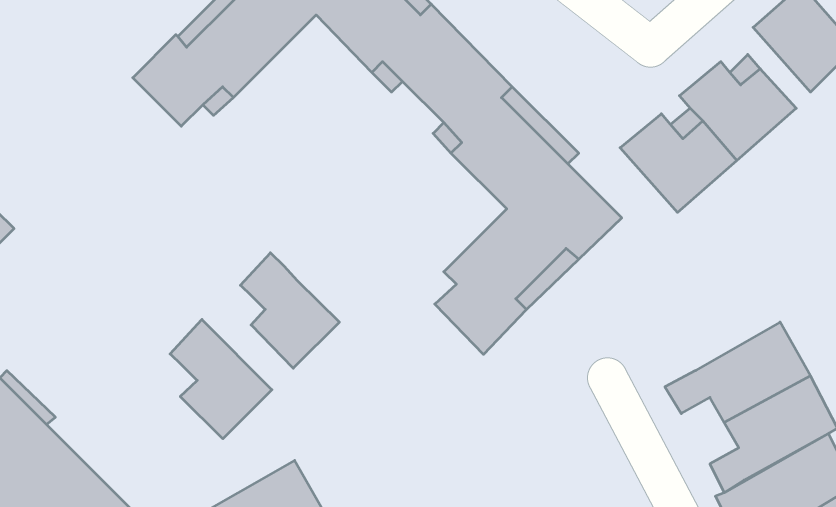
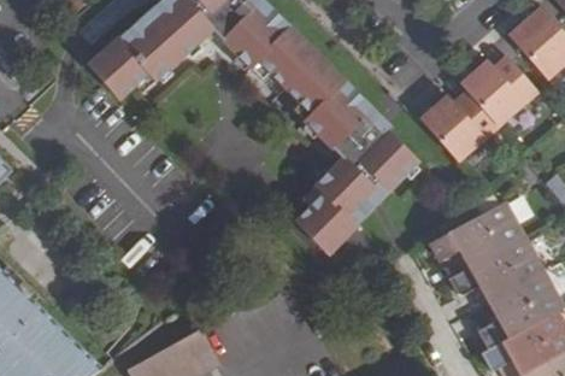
building: [240,253,339,368] -> none
building: none -> [429,198,525,265]
building: [170,319,272,439] -> none

